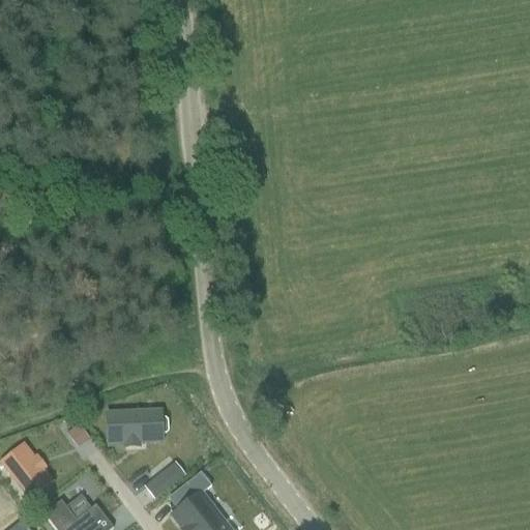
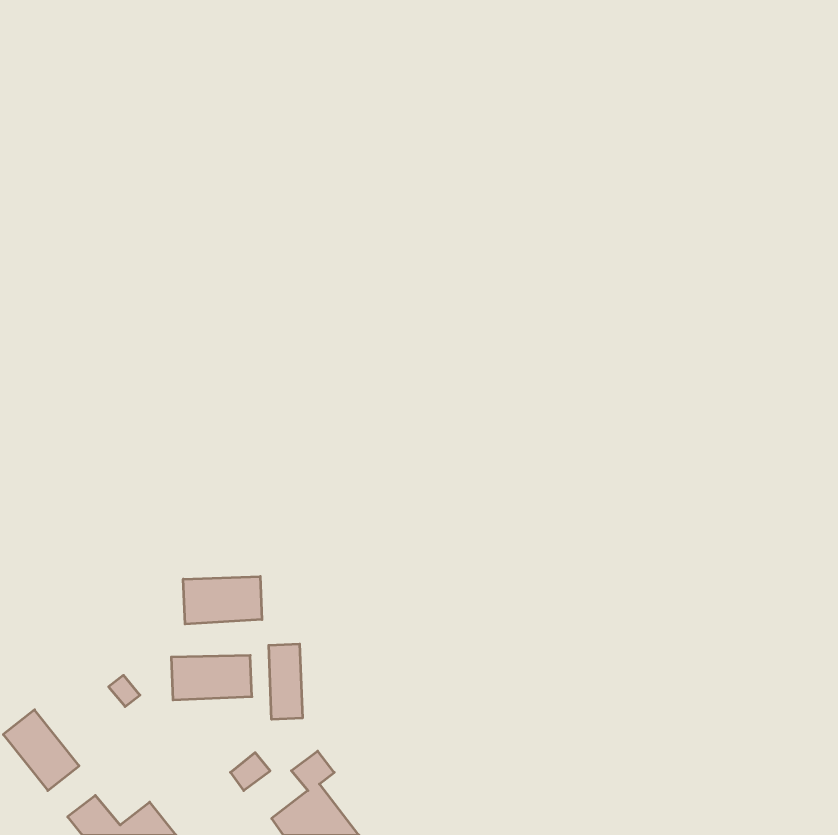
building: none -> [183,576,262,624]
building: none -> [269,644,302,719]

